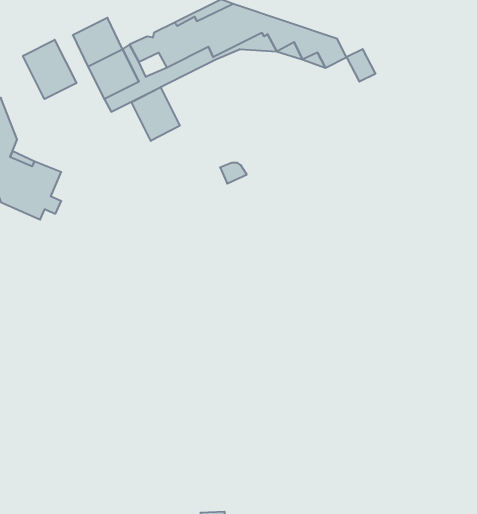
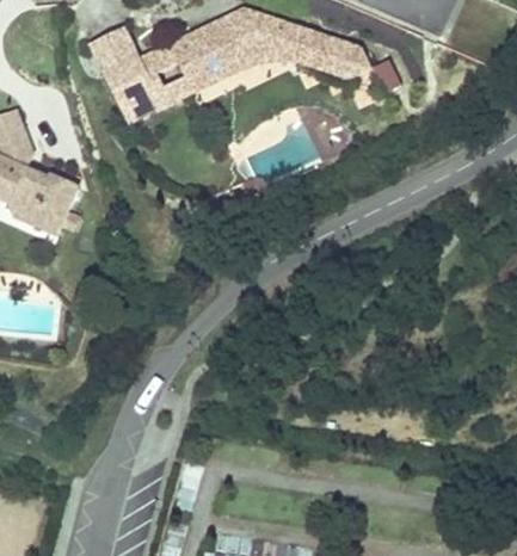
building: [23,40,76,99] -> none
building: [132,87,180,141] -> none

